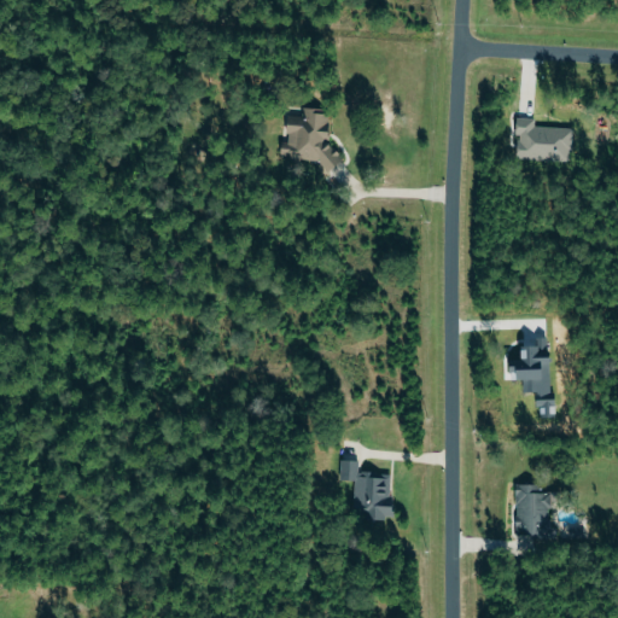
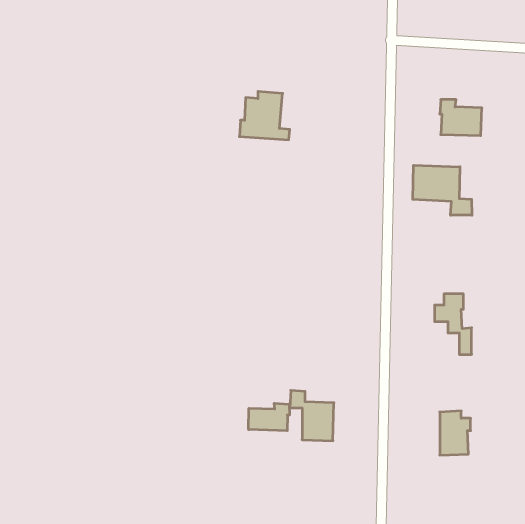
building: none -> [413,165,472,215]
building: none -> [249,403,289,431]

